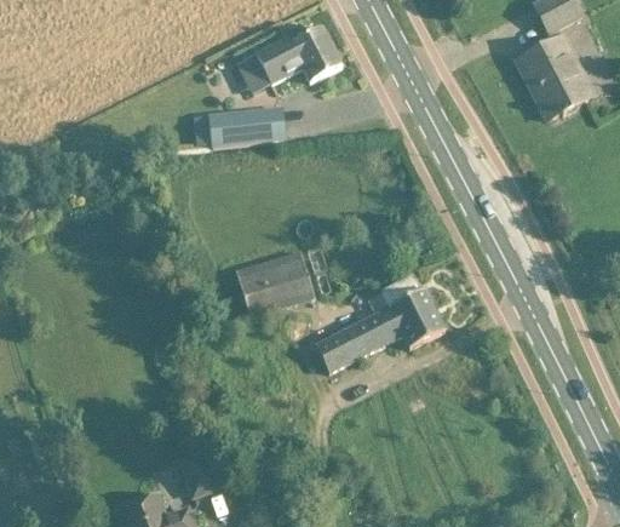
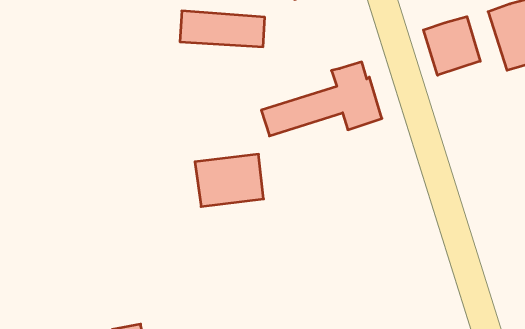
building: none -> [423,17,480,75]
building: [316,274,444,368] -> [261,62,382,136]

